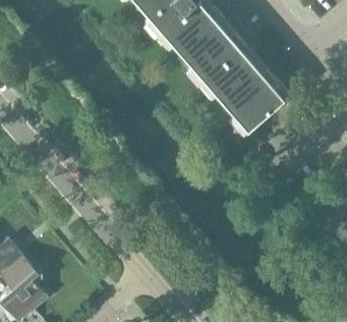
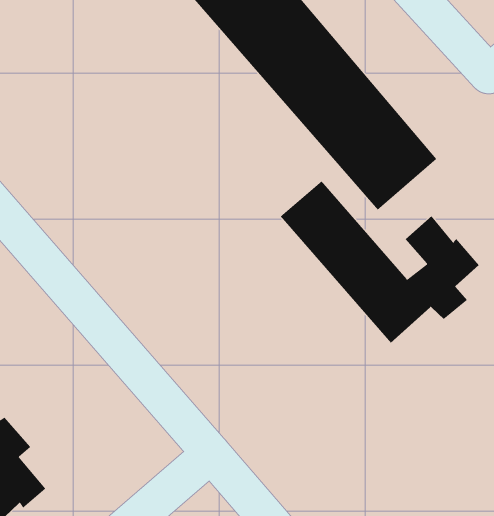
building: none -> [280,181,480,343]

